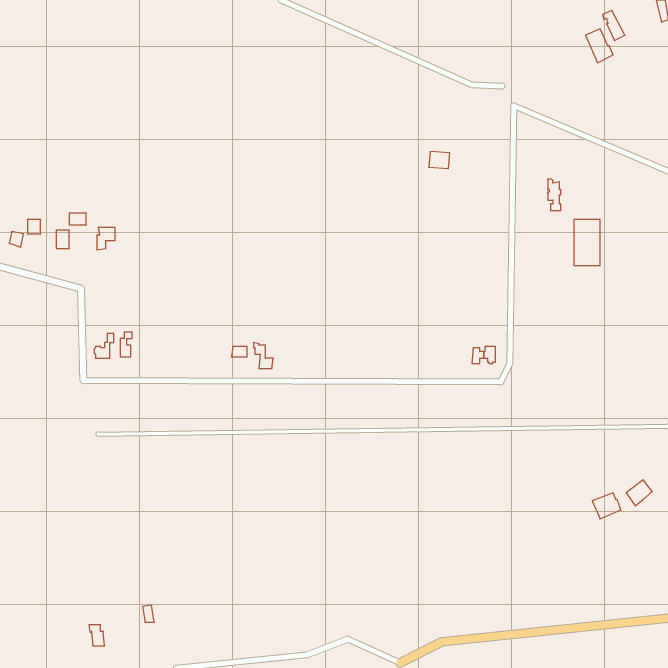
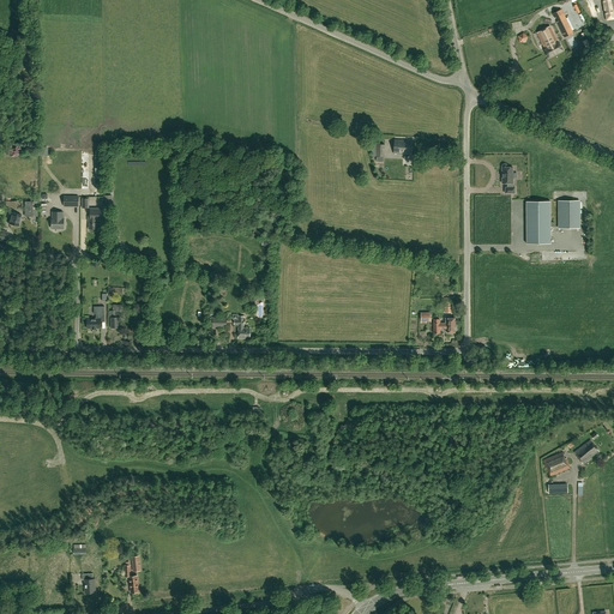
building: none -> [559,200,579,228]

